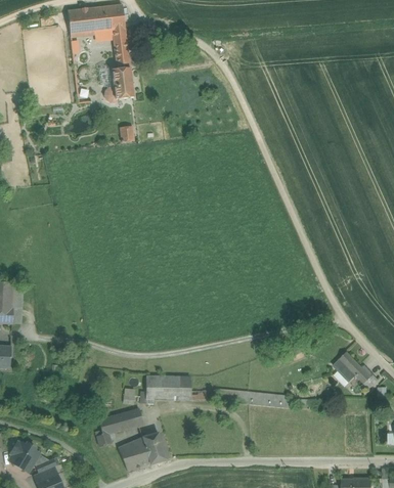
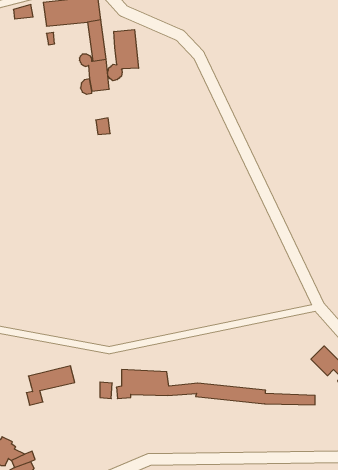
building: none -> [108,30,139,81]
building: [95,408,143,447] -> [26,366,75,405]
building: [117,433,166,471] -> none

